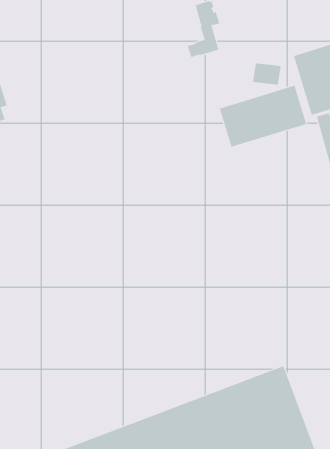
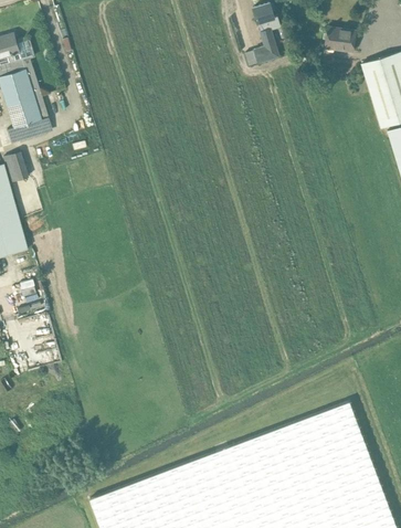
building: [252,63,282,85] -> [324,28,356,52]
building: [219,85,307,148] -> none

